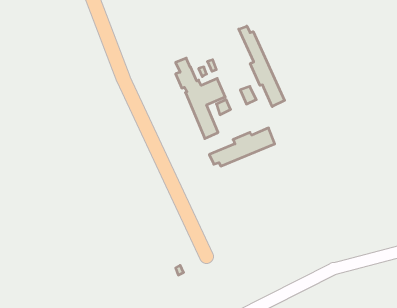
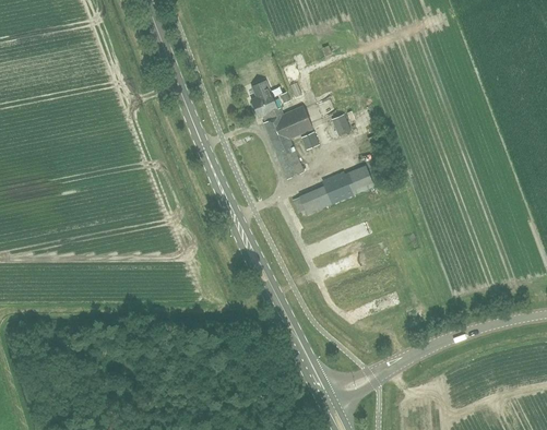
building: [239,26,285,107] -> none

